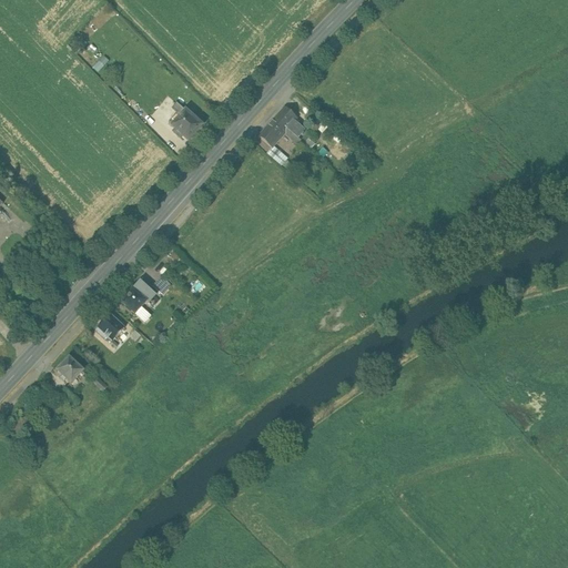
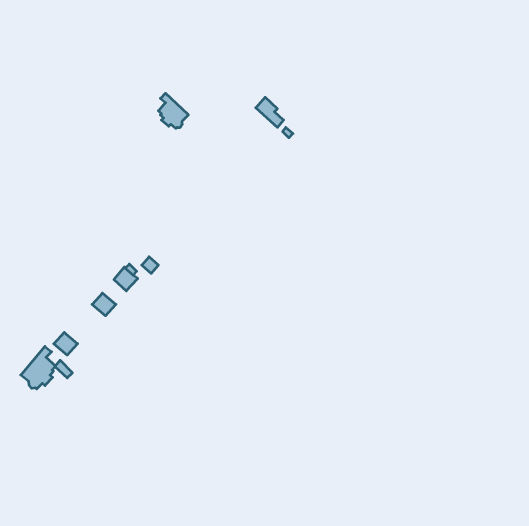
building: [258,115,301,145] -> none
building: none -> [21,346,55,389]

